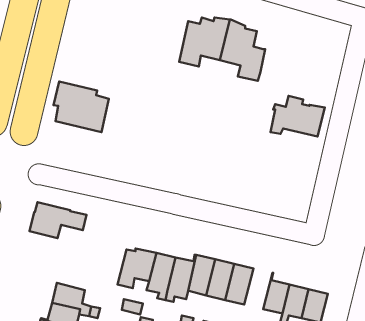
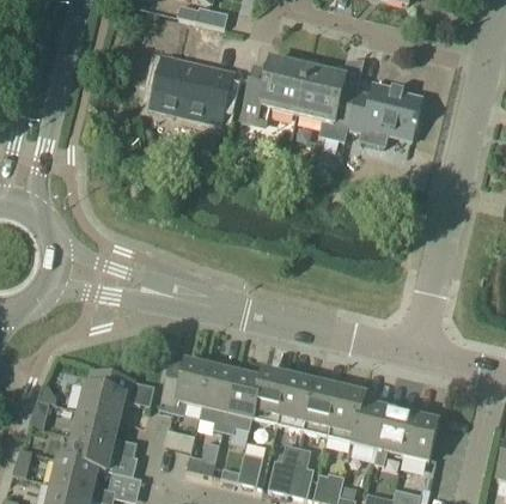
building: [54,81,109,132] -> [157,56,230,123]
building: [270,96,325,137] -> [349,81,421,135]
building: [29,202,87,238] -> [80,370,156,418]
building: none -> [328,389,365,443]

